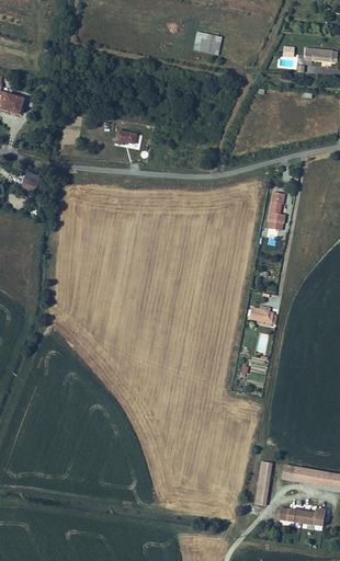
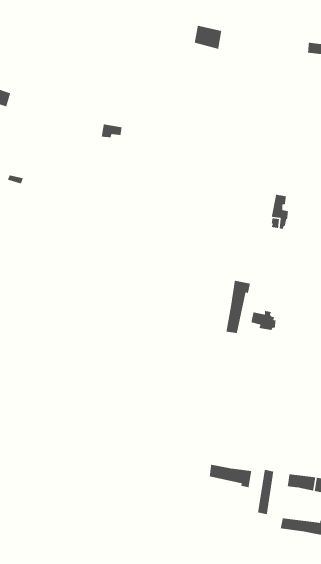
building: none -> [225,280,251,334]
building: none -> [209,464,252,488]

